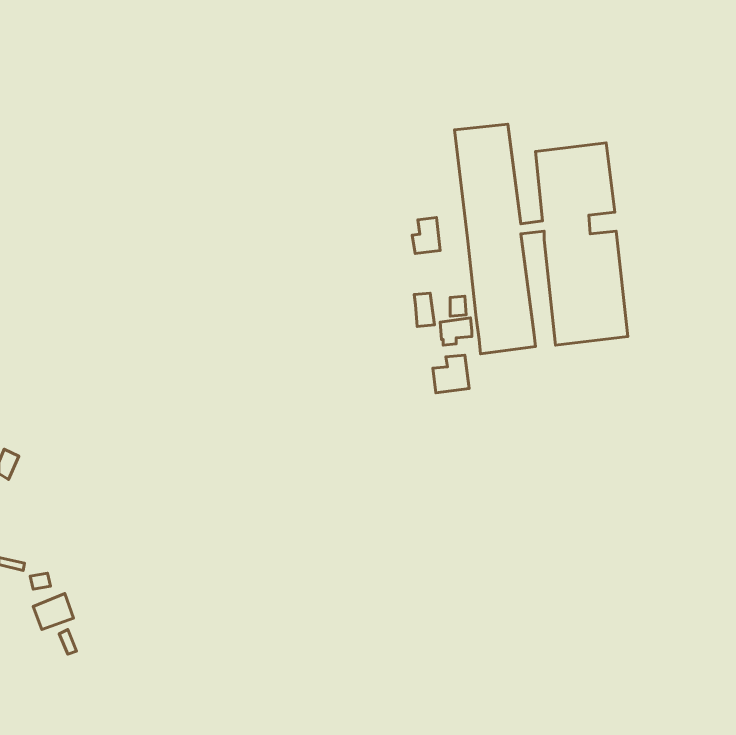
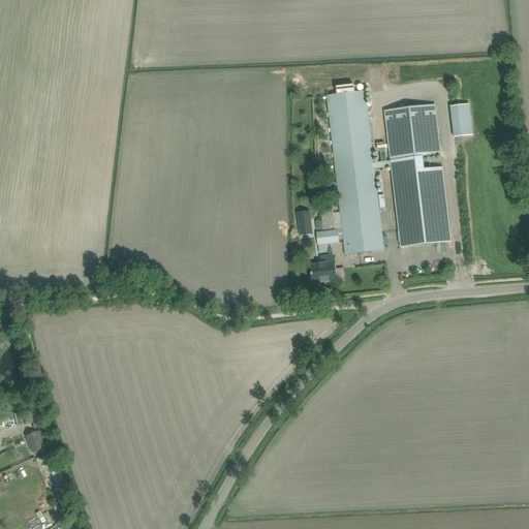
building: none -> [449,102,472,135]
building: [412,218,440,254] -> none

